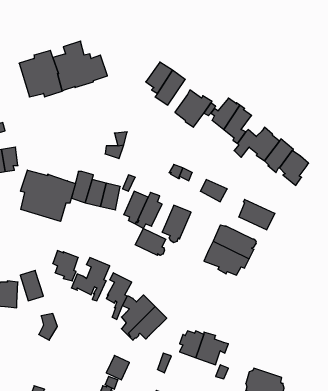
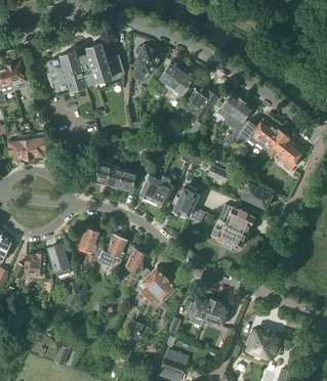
building: none -> [134,44,161,73]
building: [21,170,75,221] -> none
building: [135,229,166,255] -> none

